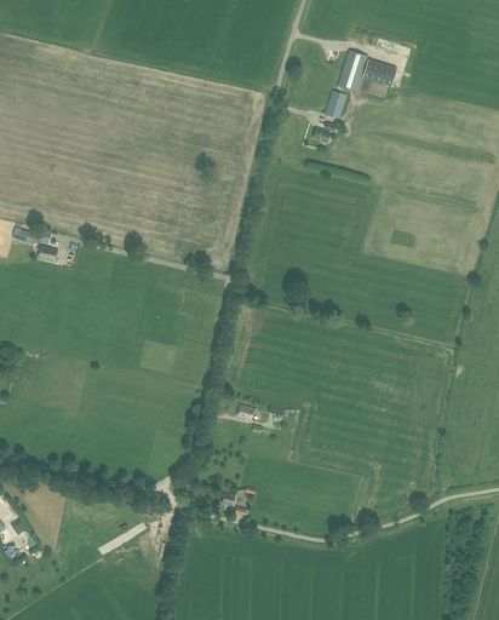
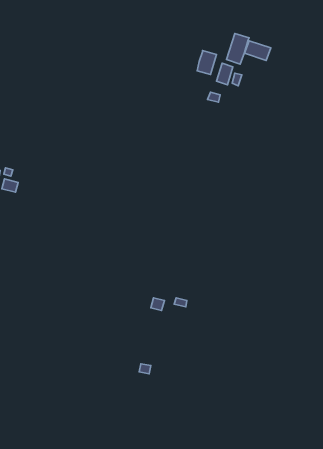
building: none -> [197,50,217,74]

